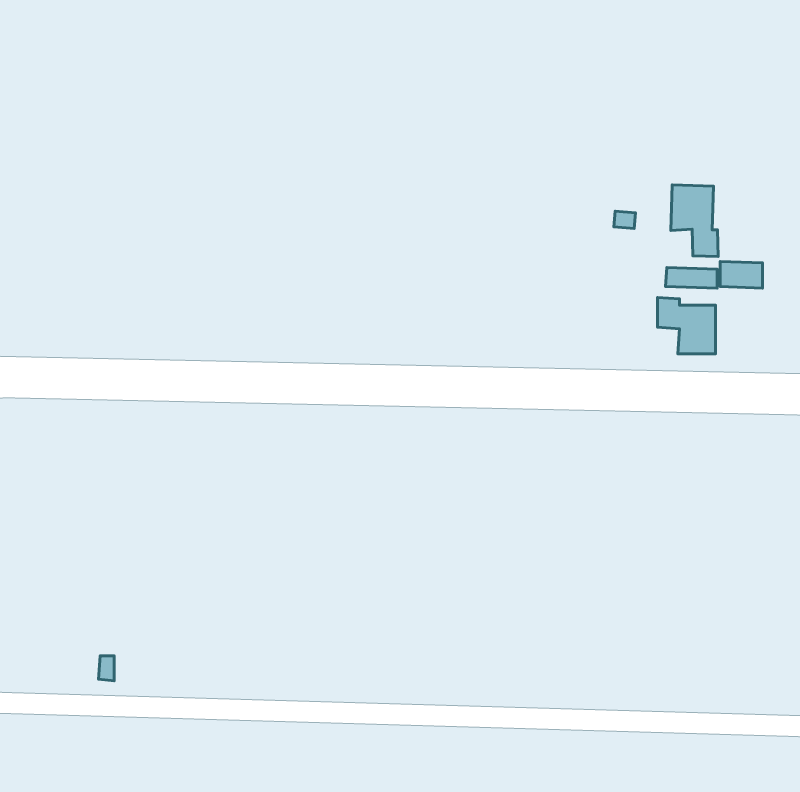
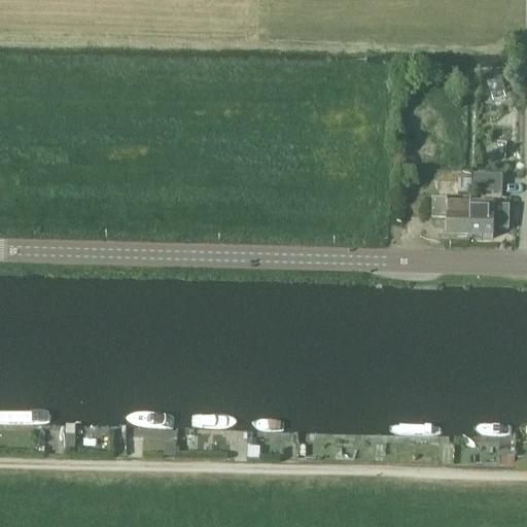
building: [671,185,718,257] -> none
building: none -> [470,201,510,233]

